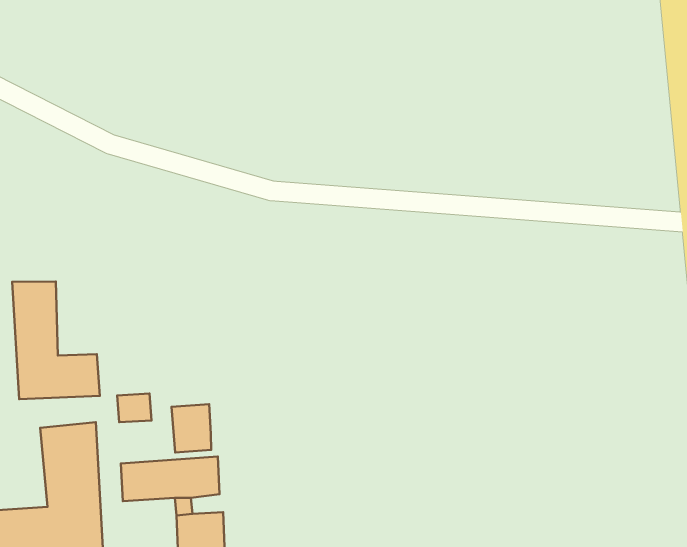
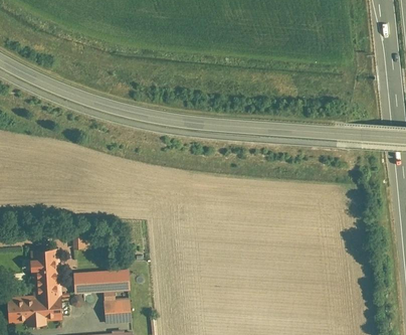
building: [12,282,100,399] -> none
building: [172,404,211,452] -> none

